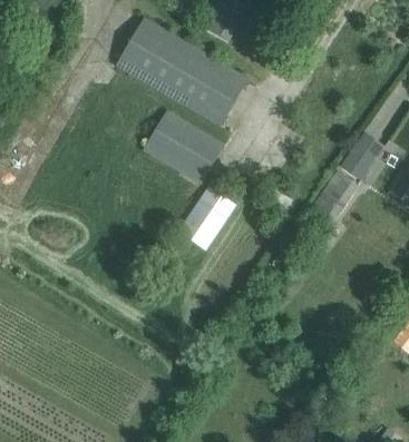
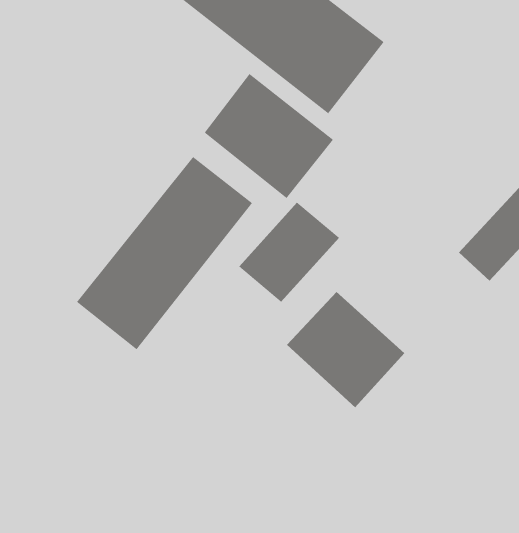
building: none -> [76,156,253,350]
building: none -> [286,291,405,408]

